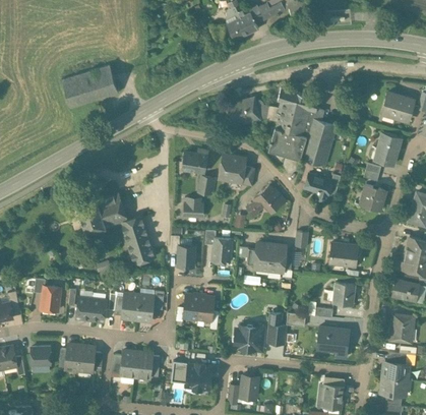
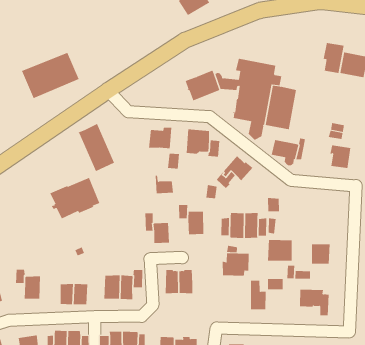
building: [377,133,401,166] -> [323,42,345,73]
building: [120,216,155,264] -> [77,123,115,172]
building: [329,243,357,268] -> [267,239,292,261]
building: [234,325,263,351] -> [222,253,249,276]

